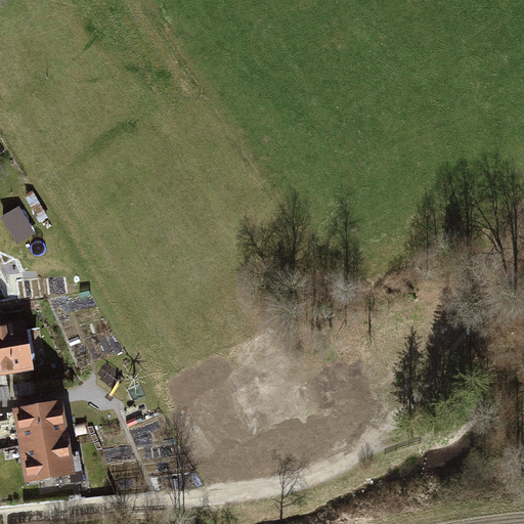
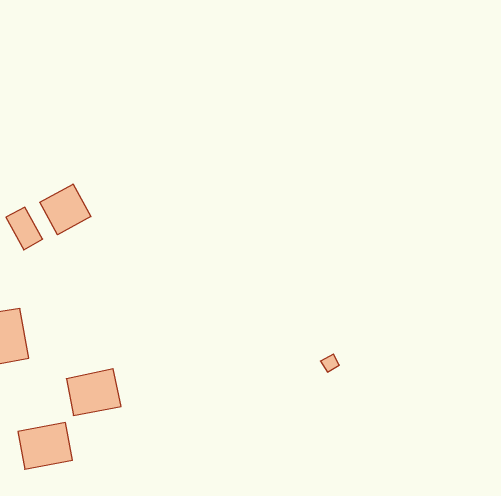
building: none -> [40,184,91,235]
building: [11,397,68,445] -> [66,369,121,415]

